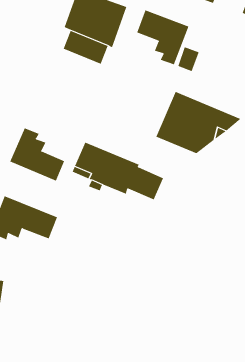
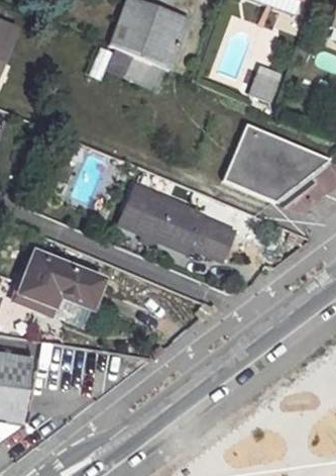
building: [137,10,189,65] -> none
building: [10,127,65,181] -> none

